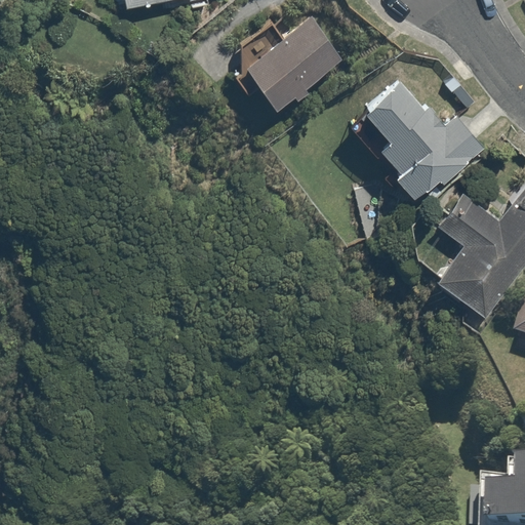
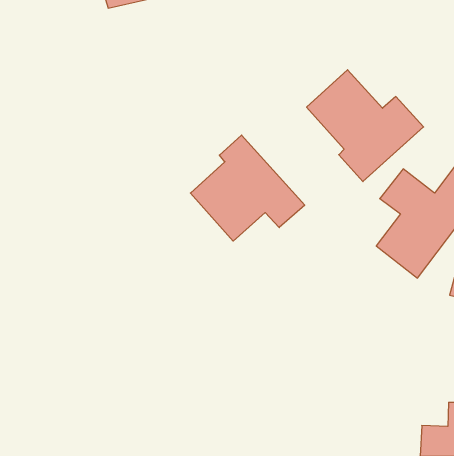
building: [239,16,341,115] -> none
building: none -> [190,135,305,241]

